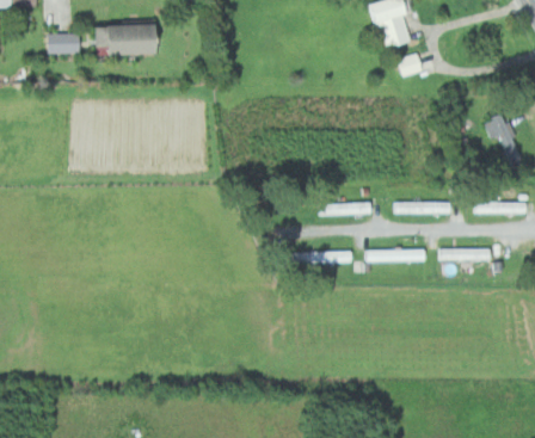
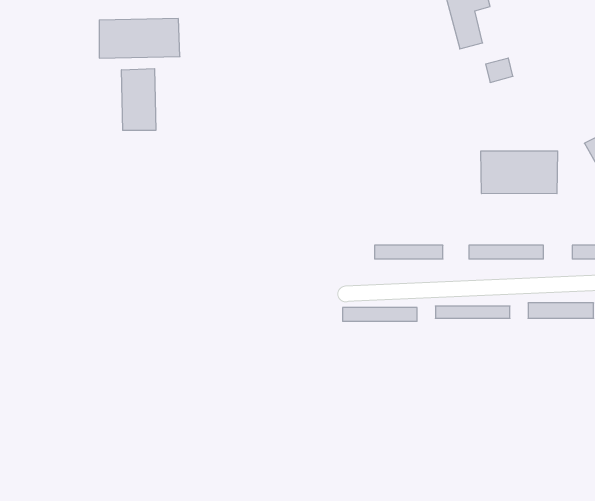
building: [49,33,82,55] -> none
building: none -> [122,69,156,130]
building: none -> [481,151,558,194]

